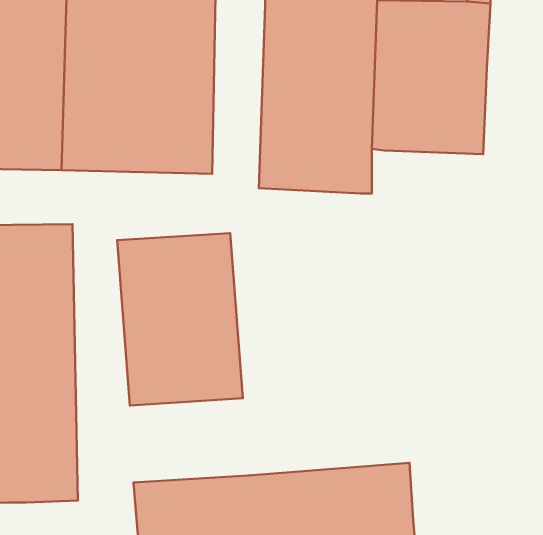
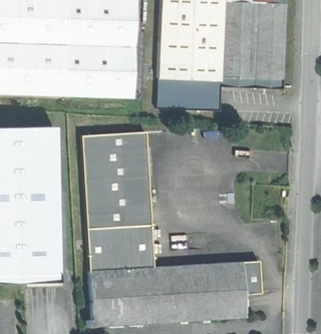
building: none -> [87,224,153,271]
building: none -> [244,259,263,292]

